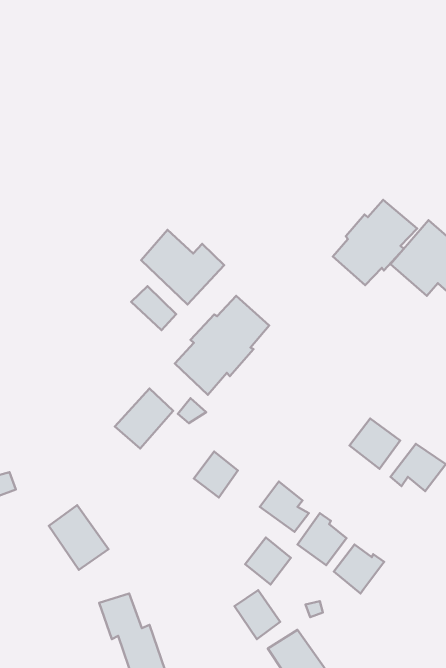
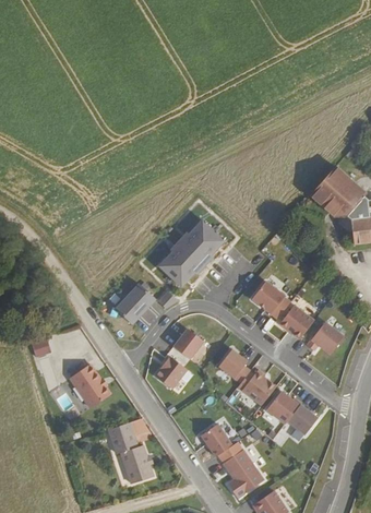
building: [333,200,417,285] -> none
building: [141,230,224,305] -> none
building: [131,286,176,330] -> none
building: none -> [250,279,288,318]
building: [245,537,291,585] -> [155,356,187,389]
building: none -> [288,404,320,434]

